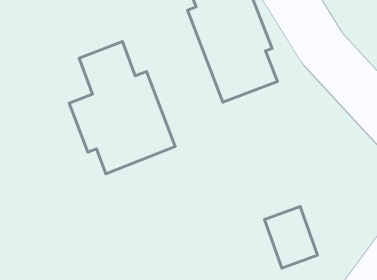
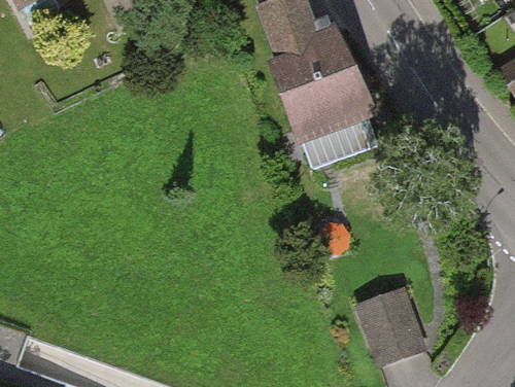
building: [69,41,175,174] -> none

